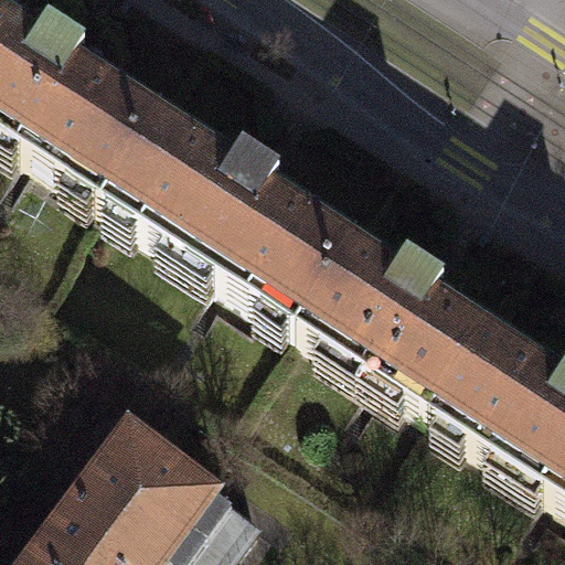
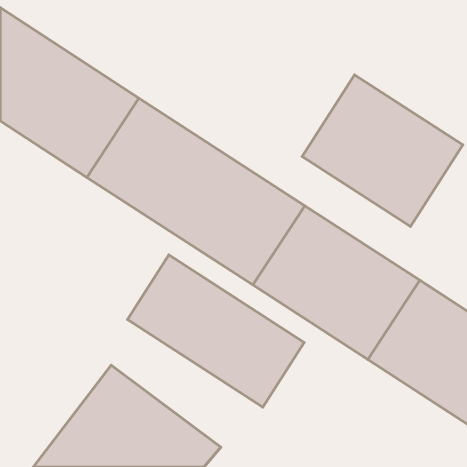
building: none -> [302,75,463,227]
building: none -> [128,255,304,407]

